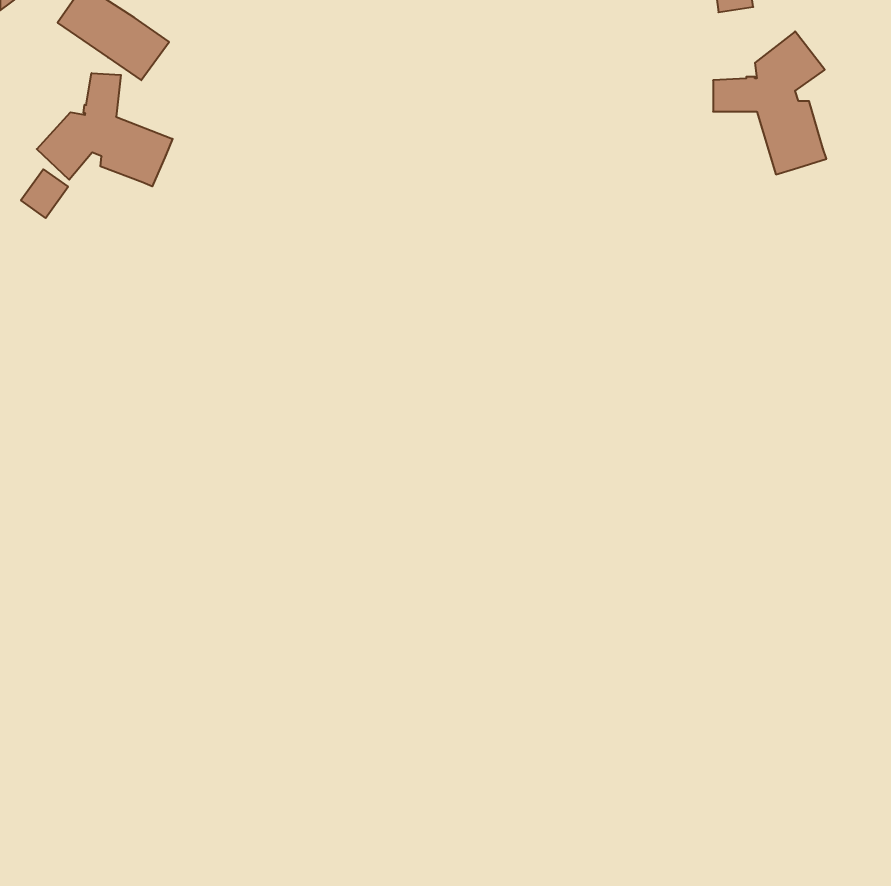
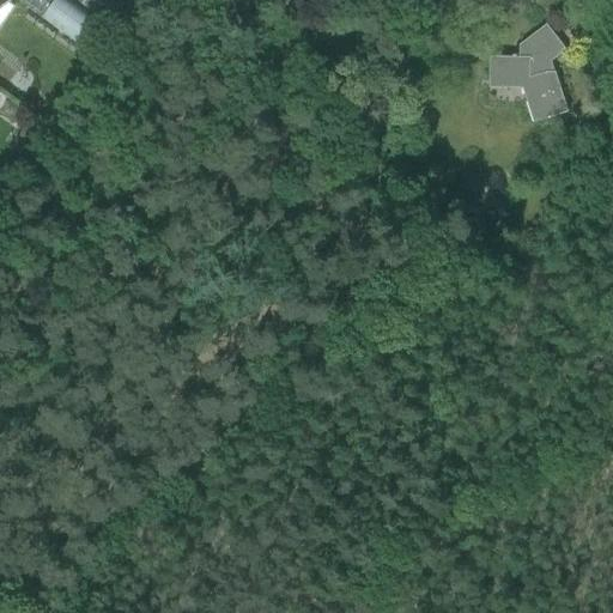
building: [37,73,173,186] -> none

